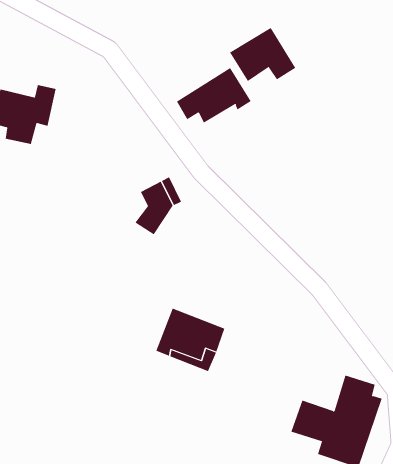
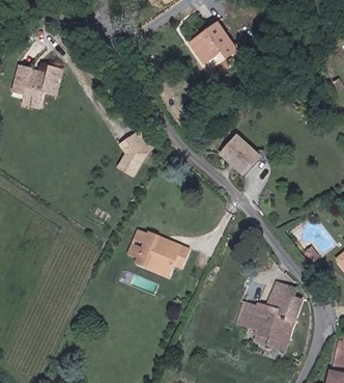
building: [176,67,251,123] -> none
building: none -> [222,136,260,174]

